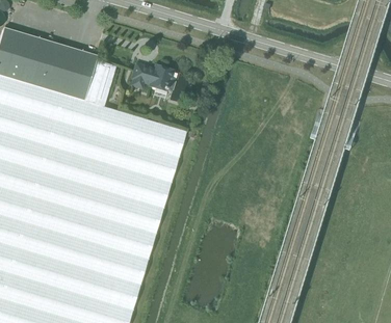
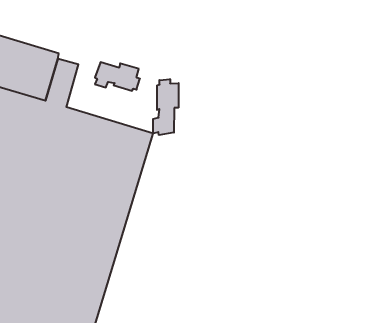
building: none -> [153,79,179,135]

